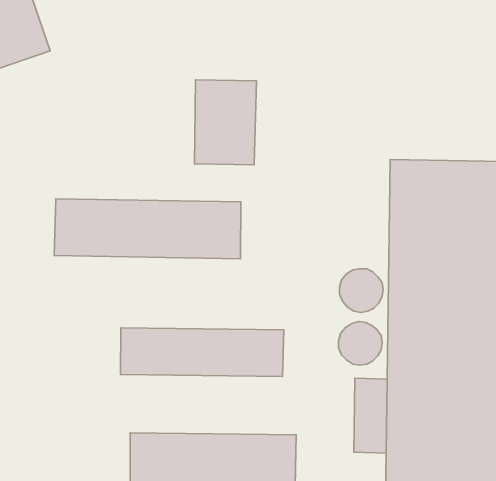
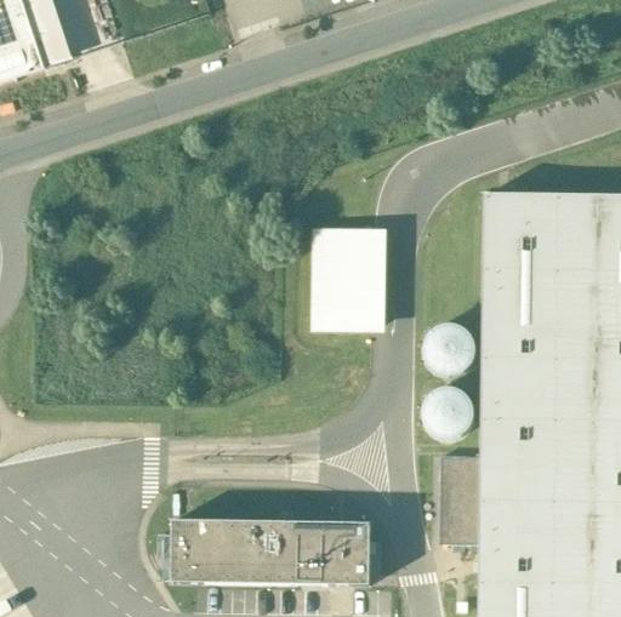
building: [195,80,256,165] -> [310,228,384,330]
building: [54,199,241,259] -> none
building: [121,328,284,377] -> none

